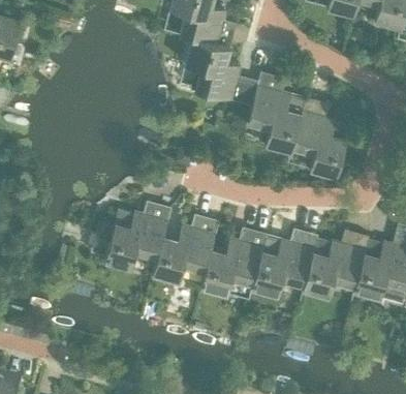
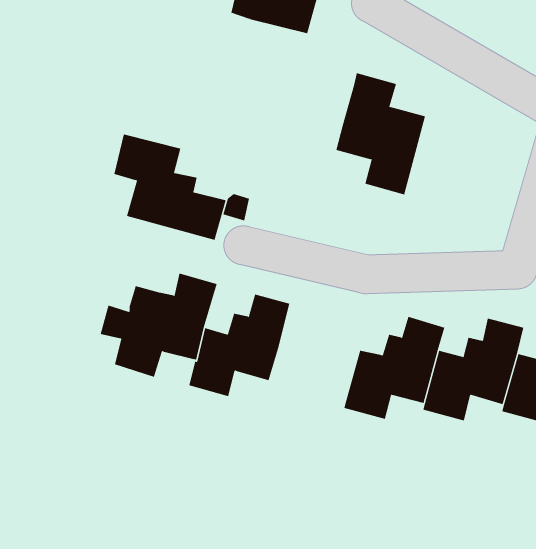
building: [186,38,258,107] -> [113,134,226,240]
building: [292,98,350,176] -> none
building: [200,228,267,294] -> none

